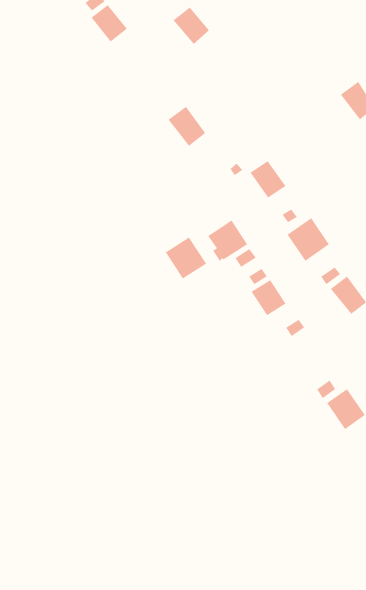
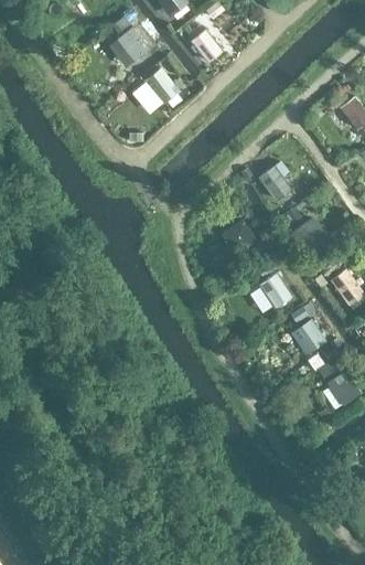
building: [168,106,206,147] -> [144,70,179,106]
building: [165,237,207,279] -> none
building: none -> [290,319,326,355]

